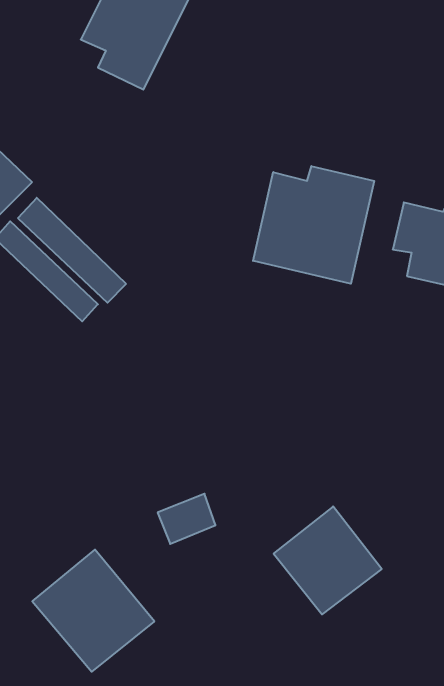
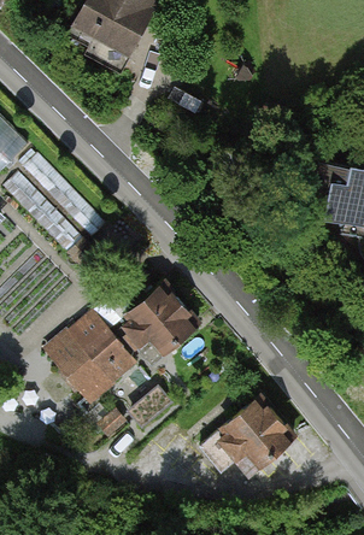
building: [253,166,374,284] -> none
building: none -> [125,278,205,359]
building: [32,550,154,672] -> [46,308,140,402]

